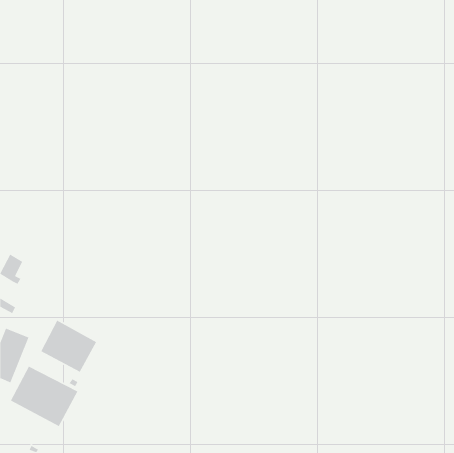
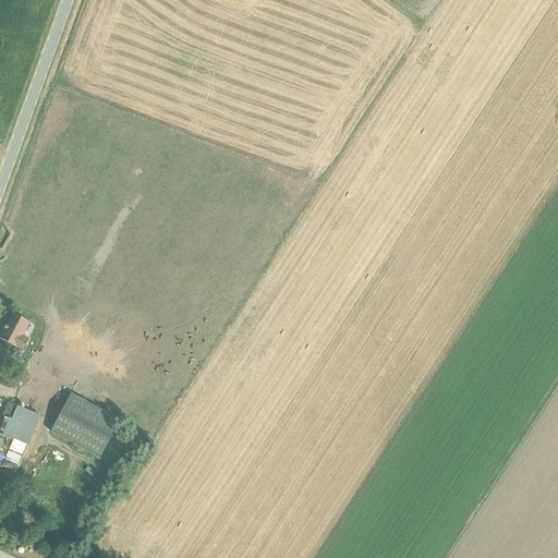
building: [10,365,79,427] -> none

